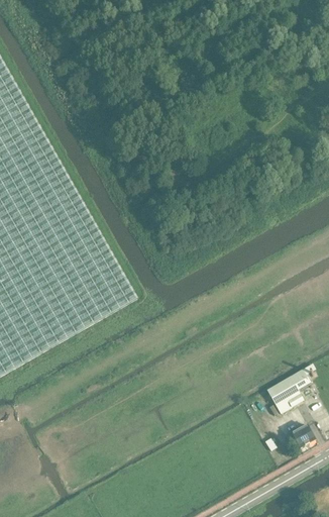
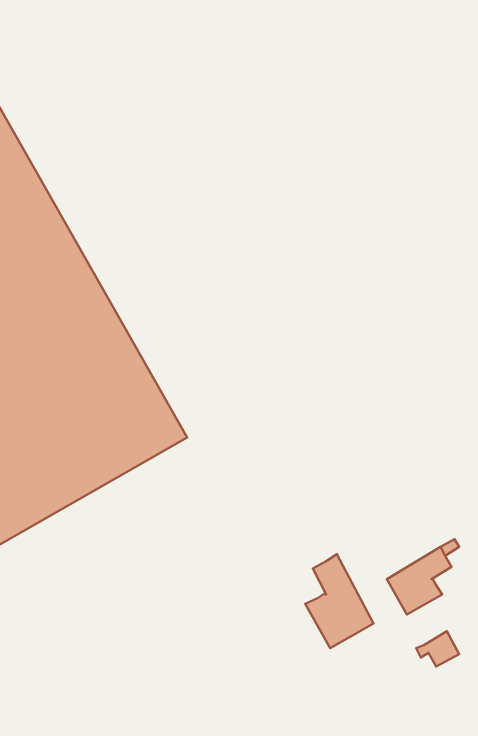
building: none -> [305,554,374,648]

